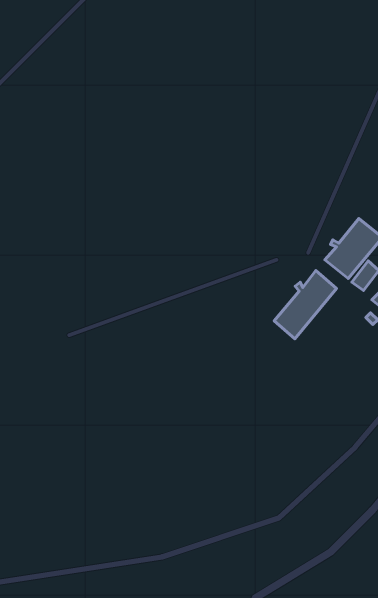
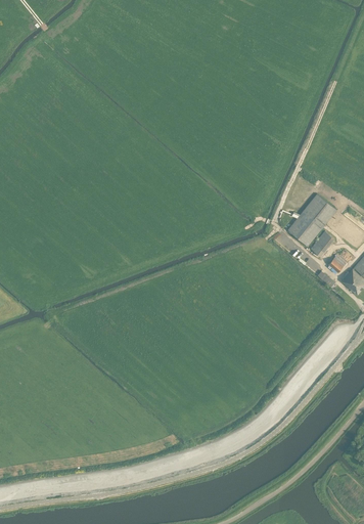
building: [274,271,336,339] -> none

